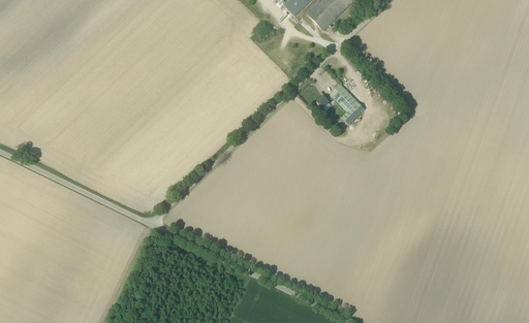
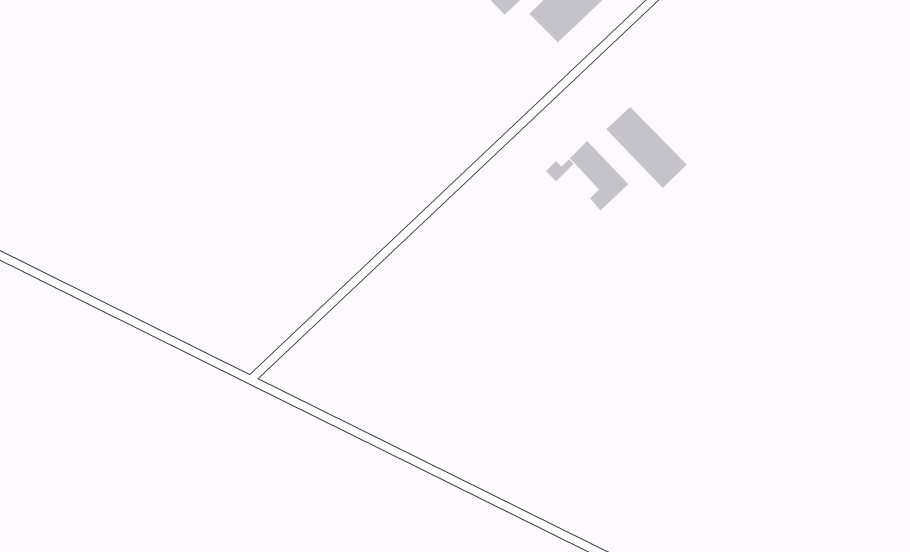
building: none -> [605,106,687,189]

